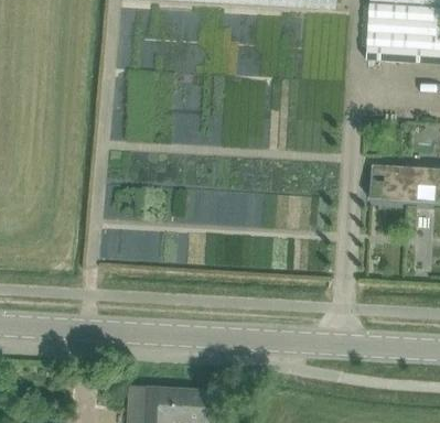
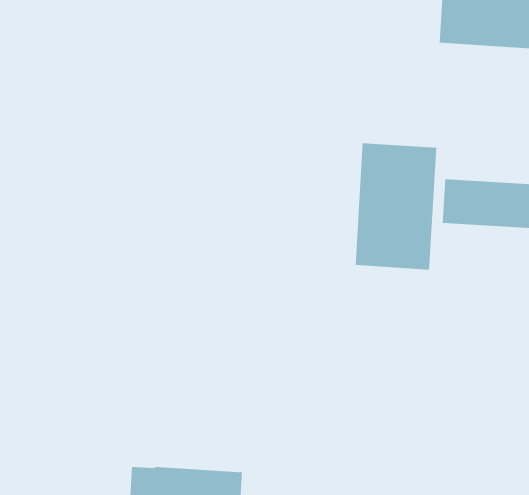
building: none -> [355,142,437,270]

